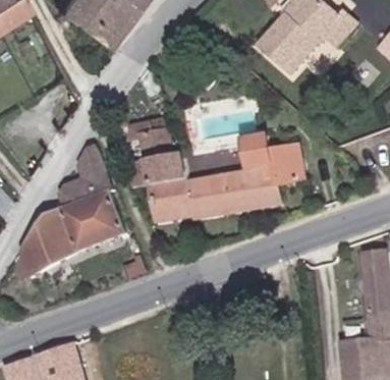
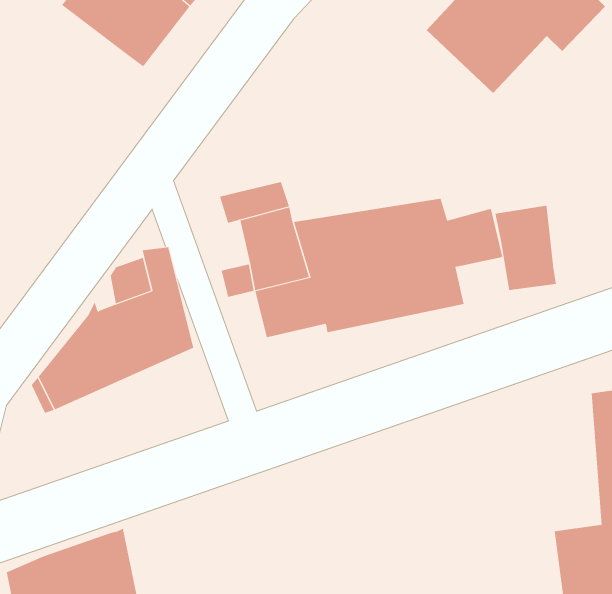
building: none -> [495,205,557,291]

